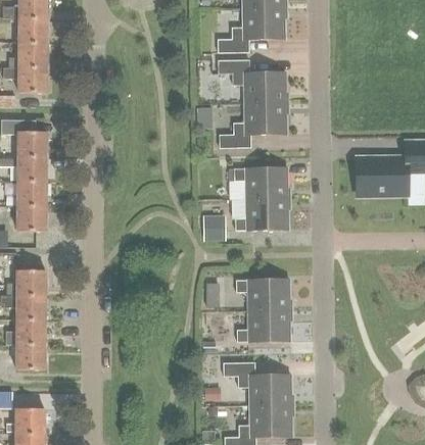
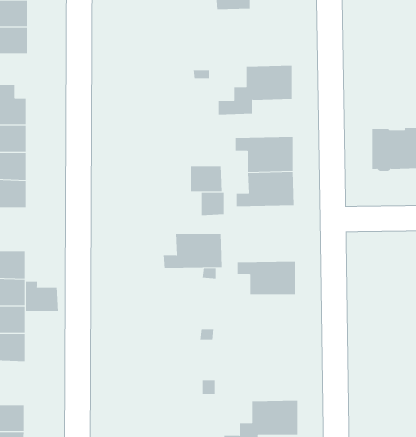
building: [218,59,286,103] -> none
building: none -> [191,165,222,192]
building: none -> [26,281,58,312]
building: [236,309,290,341] -> [163,233,223,269]
building: [223,361,291,405] -> none

